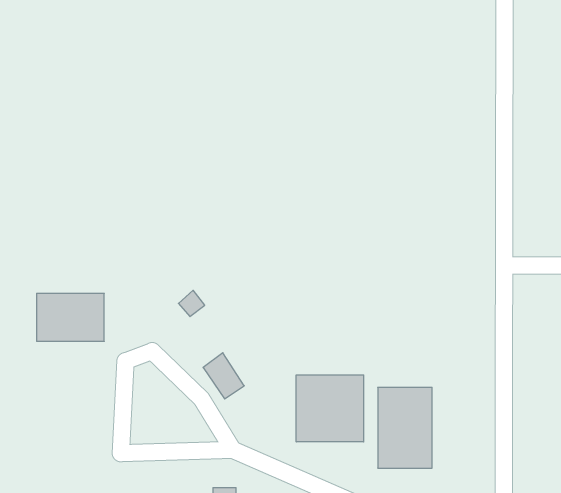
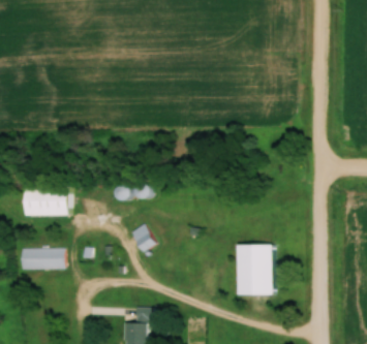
building: [296,375,364,442] -> none
building: none -> [19,249,61,270]

